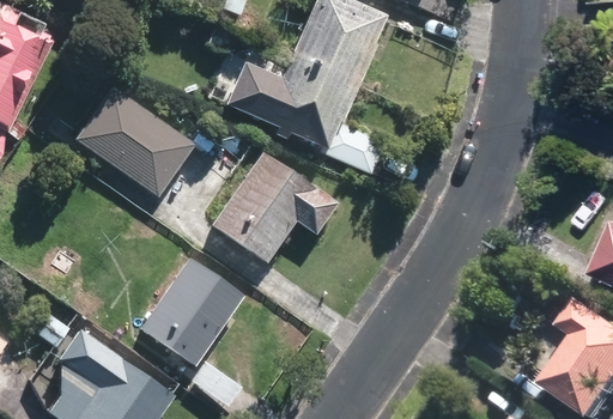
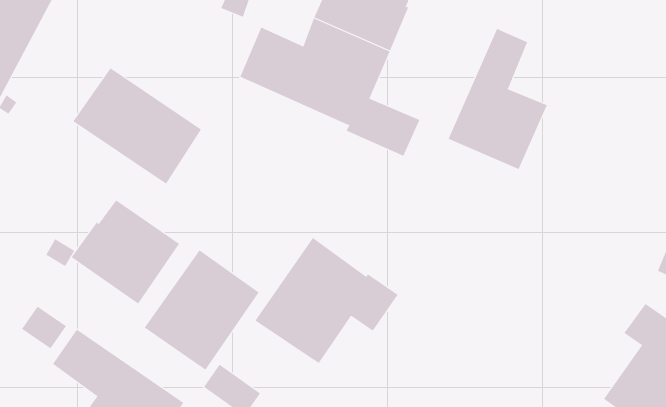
building: none -> [448,28,548,170]
building: [208,148,336,261] -> [254,237,399,364]
building: none -> [71,199,180,304]

